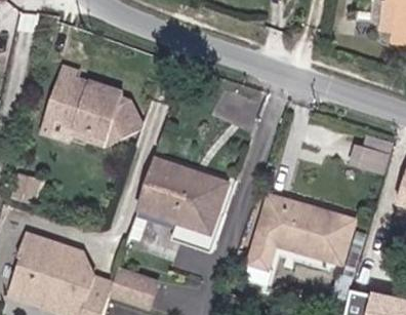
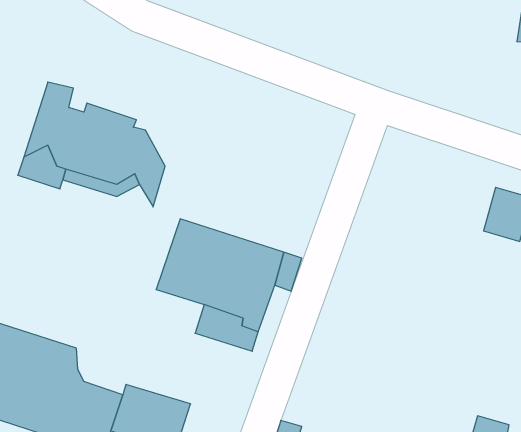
building: [248,188,357,260] -> none

